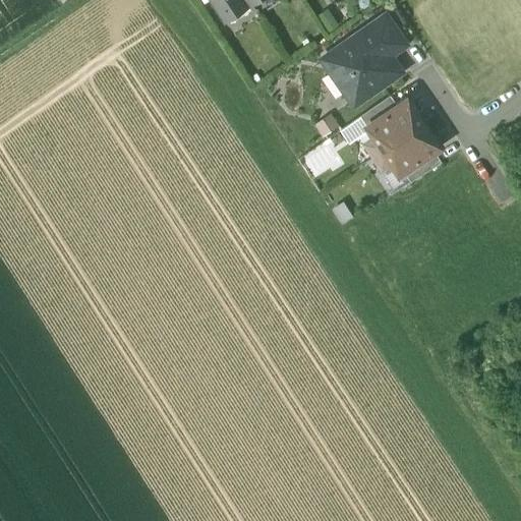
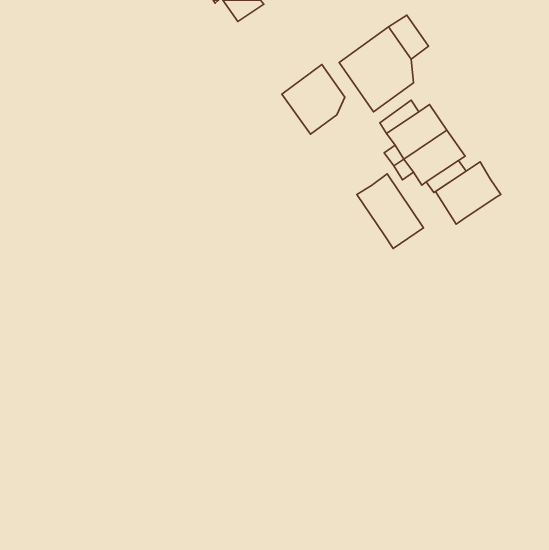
building: none -> [282,65,345,134]
building: none -> [435,162,501,224]
building: none -> [357,174,423,249]

